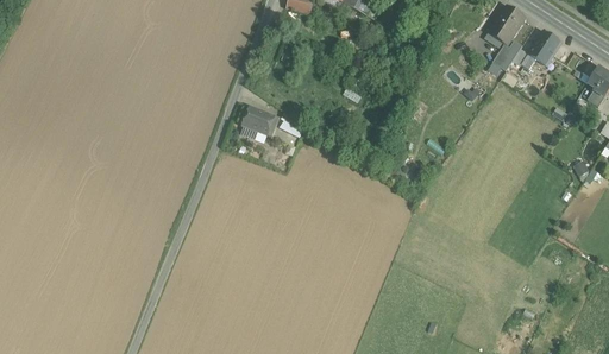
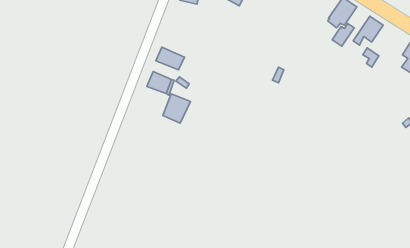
building: none -> [156,47,184,70]
building: none -> [163,94,190,123]

